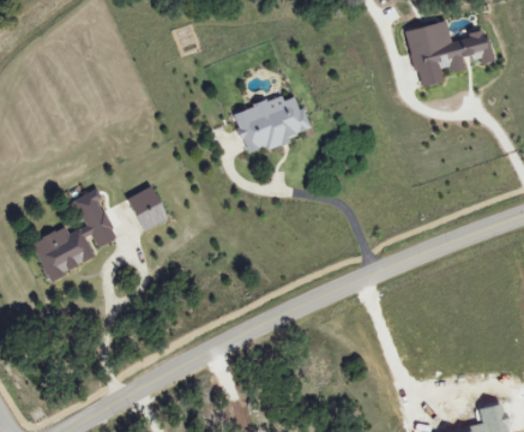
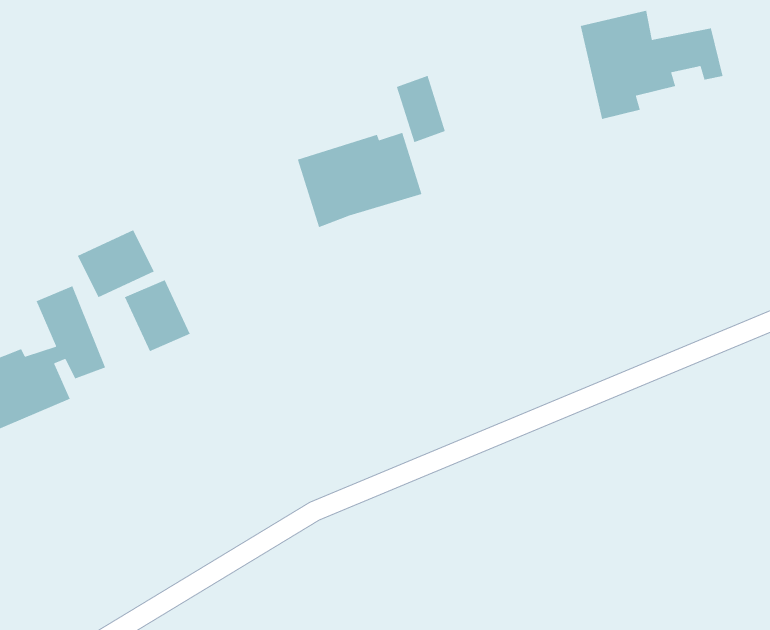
building: none -> [396,75,446,143]
building: none -> [77,229,155,298]

